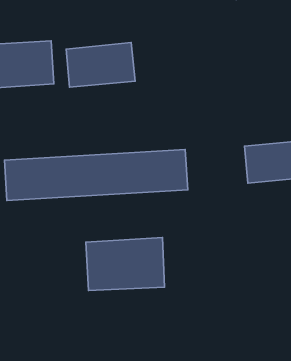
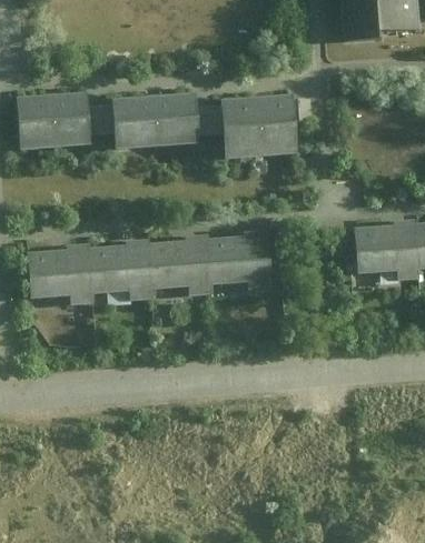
building: none -> [223,95,294,157]
building: [86,238,165,291] -> none

